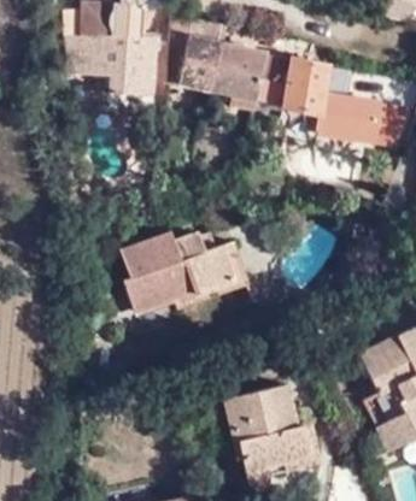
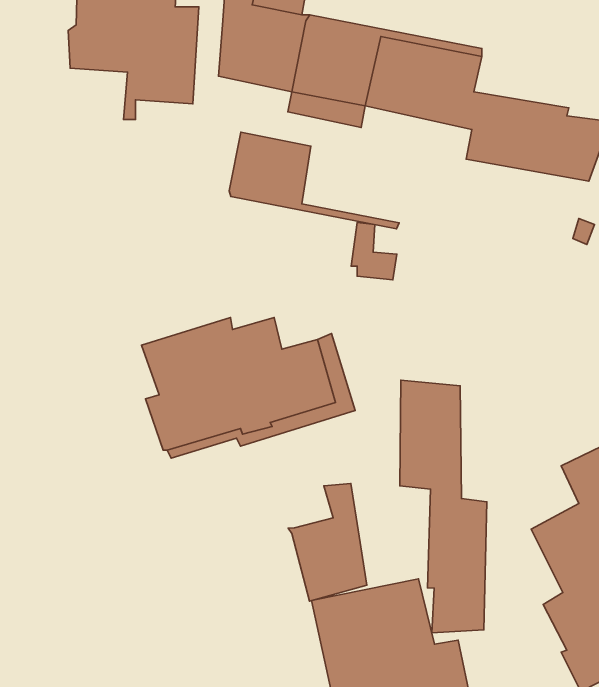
building: none -> [229,132,399,229]
building: none -> [400,380,487,633]
building: none -> [288,484,367,601]

